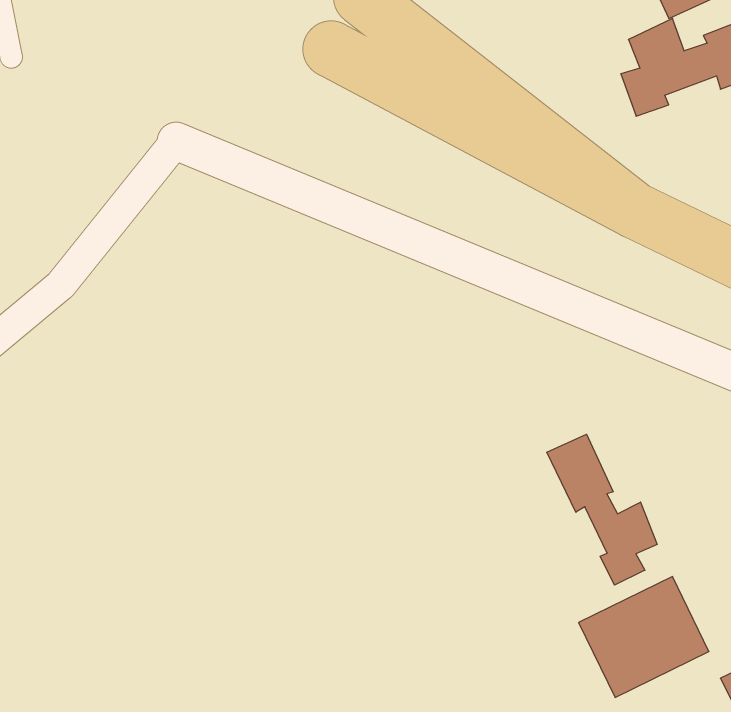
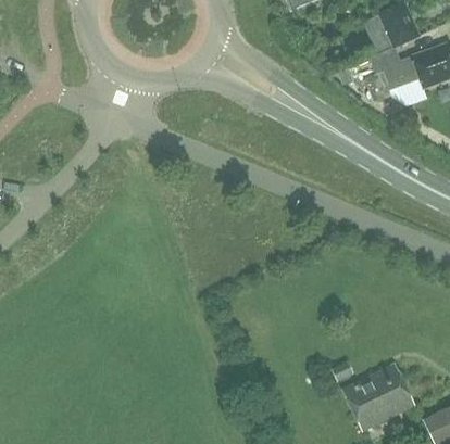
building: [547,434,657,585] -> none

